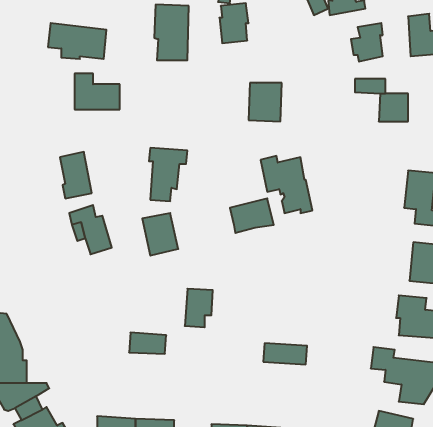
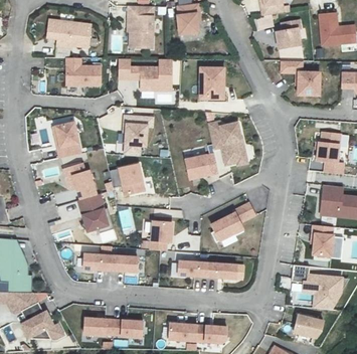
building: none -> [118,56,172,88]
building: none -> [76,189,112,228]
building: none -> [211,202,254,245]
building: none -> [81,253,109,270]
building: none -> [178,260,210,277]

